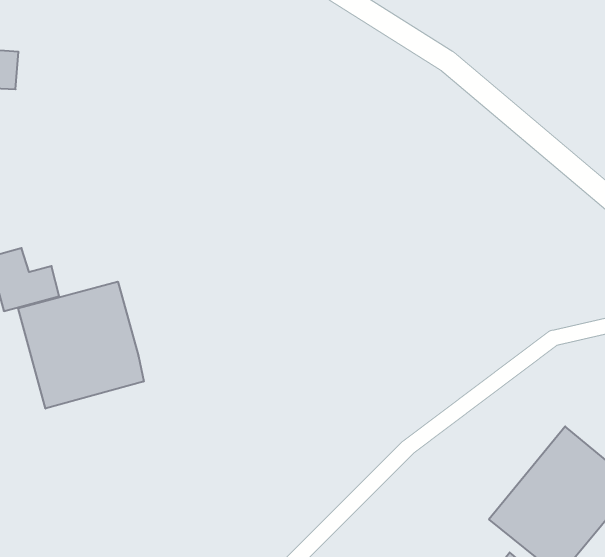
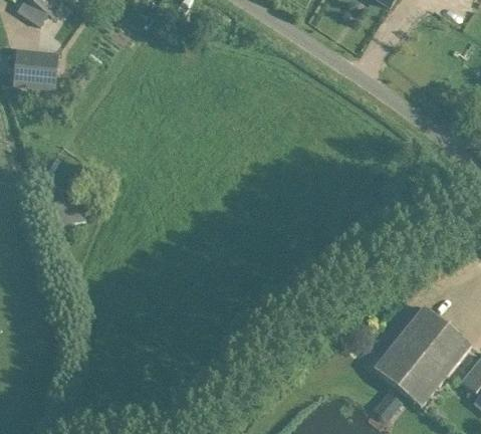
building: [18,282,144,409] -> none

